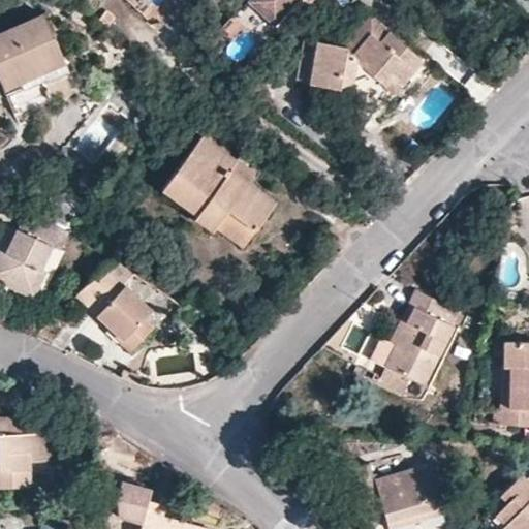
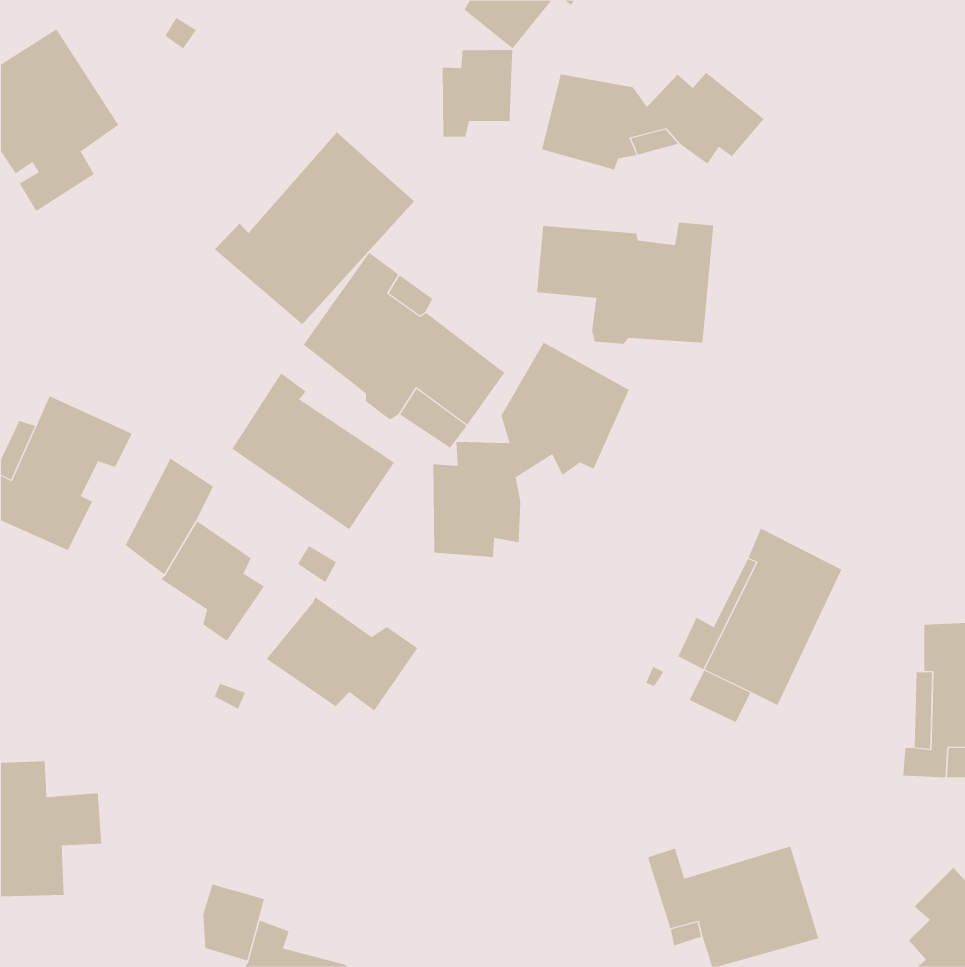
building: none -> [442,49,513,137]
building: none -> [214,132,415,325]
building: none -> [537,222,714,344]
building: none -> [433,342,629,558]
building: none -> [232,372,395,530]
building: none -> [266,596,418,712]

